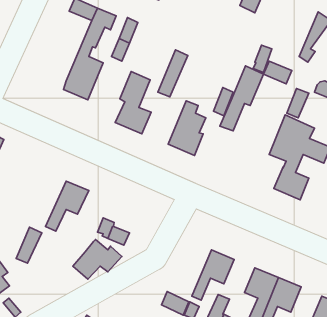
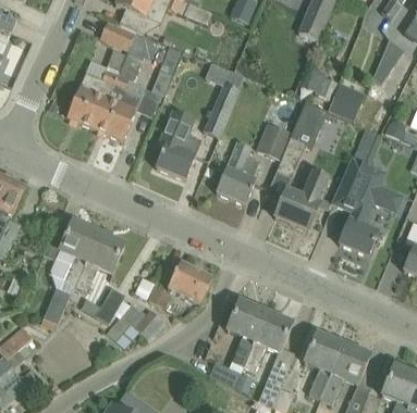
building: none -> [68,49,126,127]
building: none -> [275,170,330,229]
building: none -> [60,221,99,285]
building: none -> [169,261,213,302]
building: none -> [82,286,125,322]
building: none -> [228,300,267,365]

